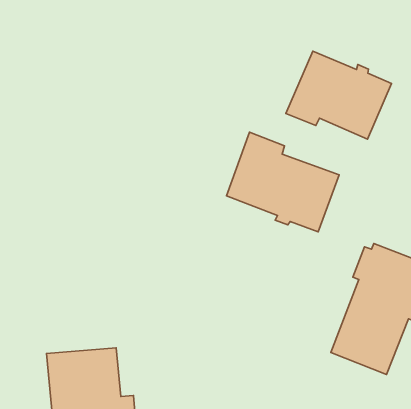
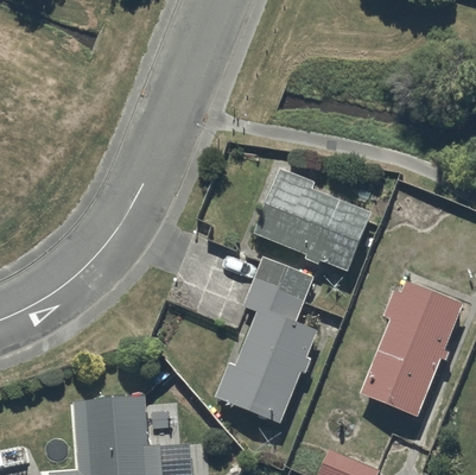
building: [286,51,391,139] -> none
building: none -> [215,255,316,424]

